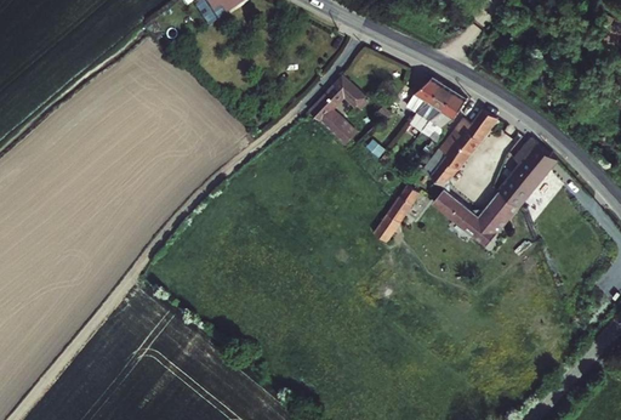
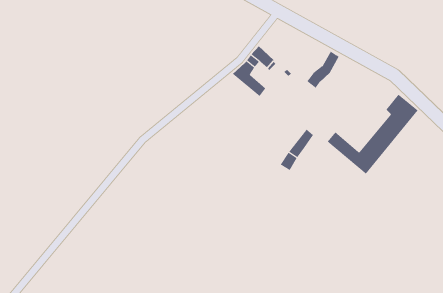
building: [400,78,439,119] -> none
building: [422,90,465,143] -> none
building: [423,102,503,186] -> none

